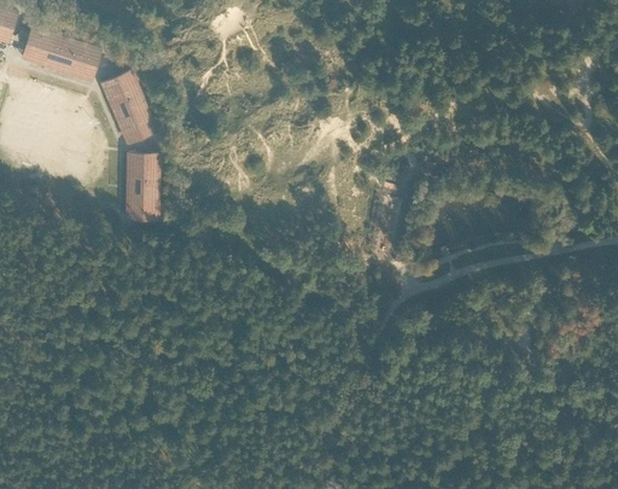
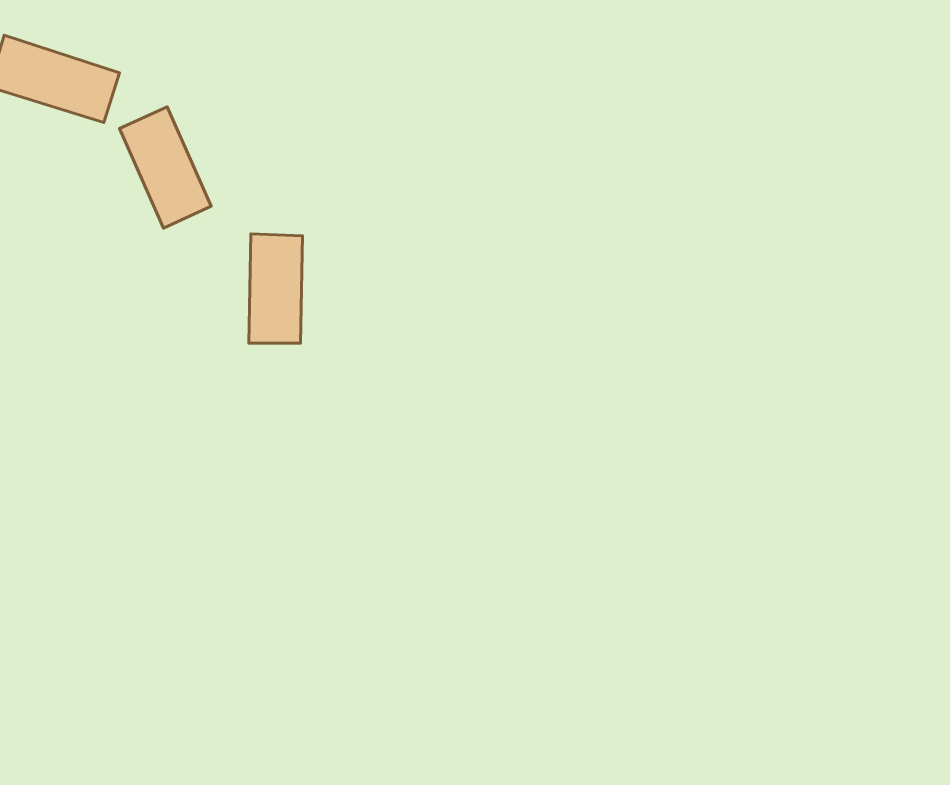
building: [127,152,159,219] -> [249,234,303,343]

